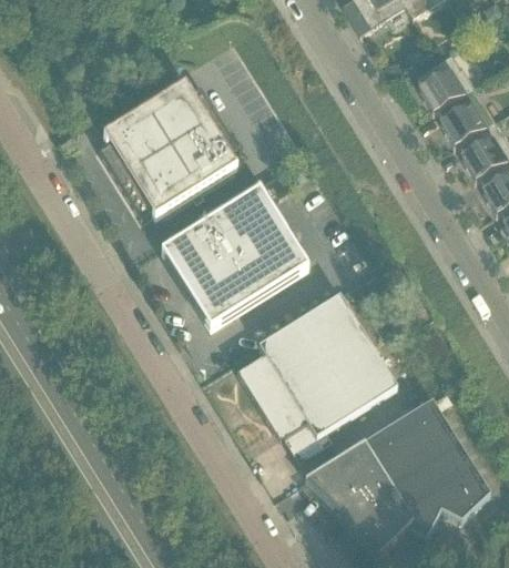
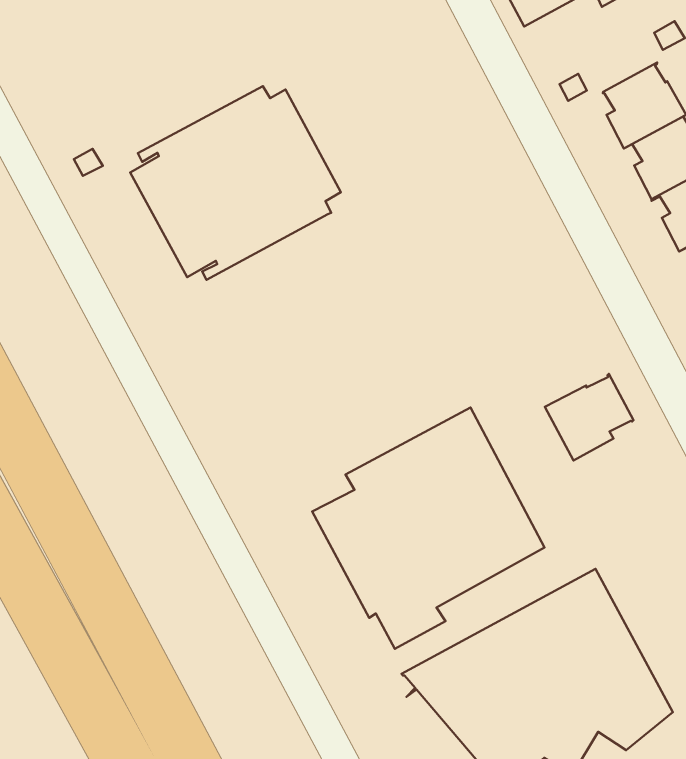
building: [160,170,308,329] -> none
building: none -> [545,374,633,460]

